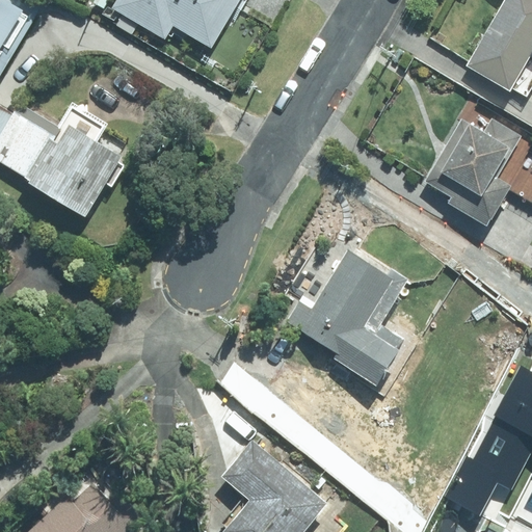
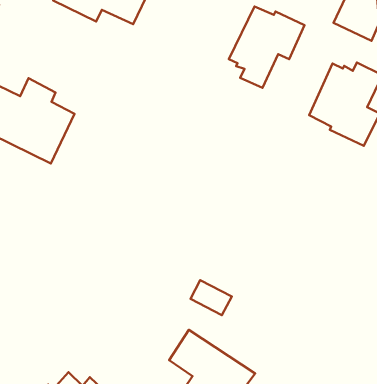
building: none -> [229,6,305,88]
building: [283,248,408,385] -> none

